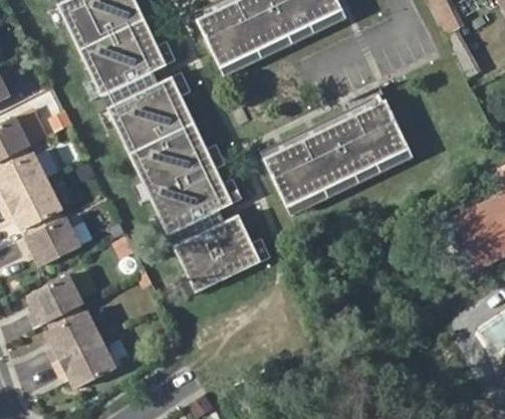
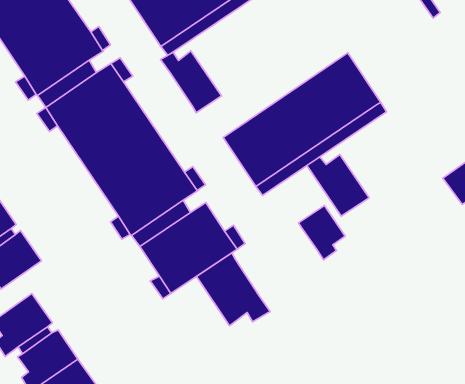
building: none -> [161,51,221,113]
building: none -> [307,155,369,216]
building: none -> [299,206,345,260]
building: none -> [196,253,270,326]

